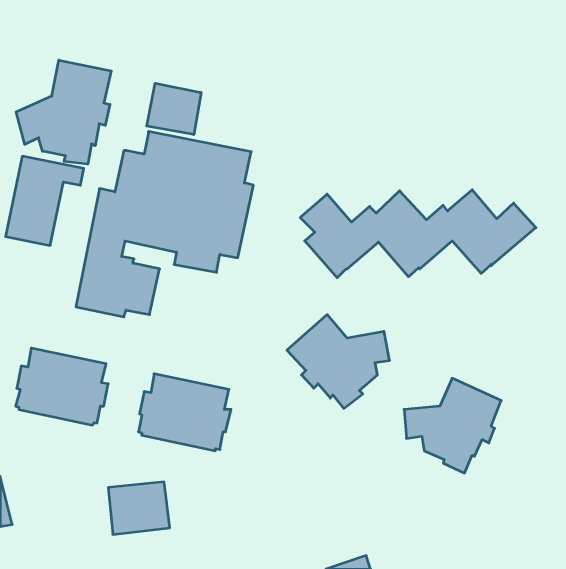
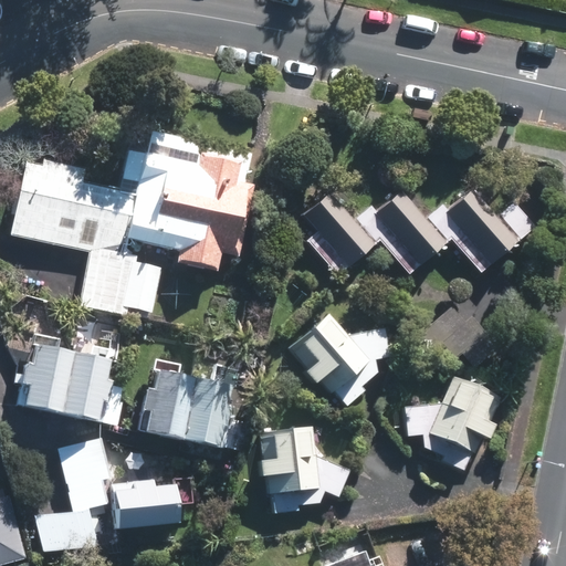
building: [16,60,111,164] -> none
building: [147,83,201,135] -> none
building: none -> [258,424,349,511]
building: none -> [57,434,113,552]

